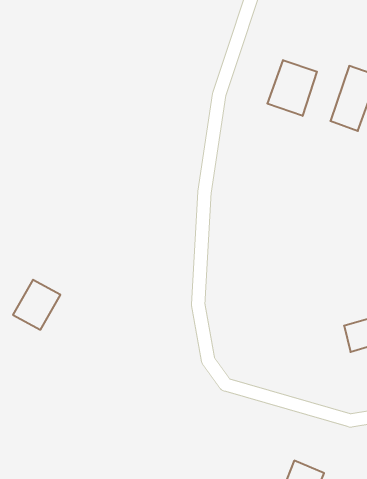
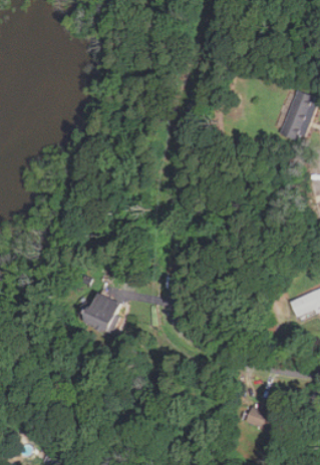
building: [267,60,317,116] -> none
building: [13,280,60,330] -> [82,292,120,332]

